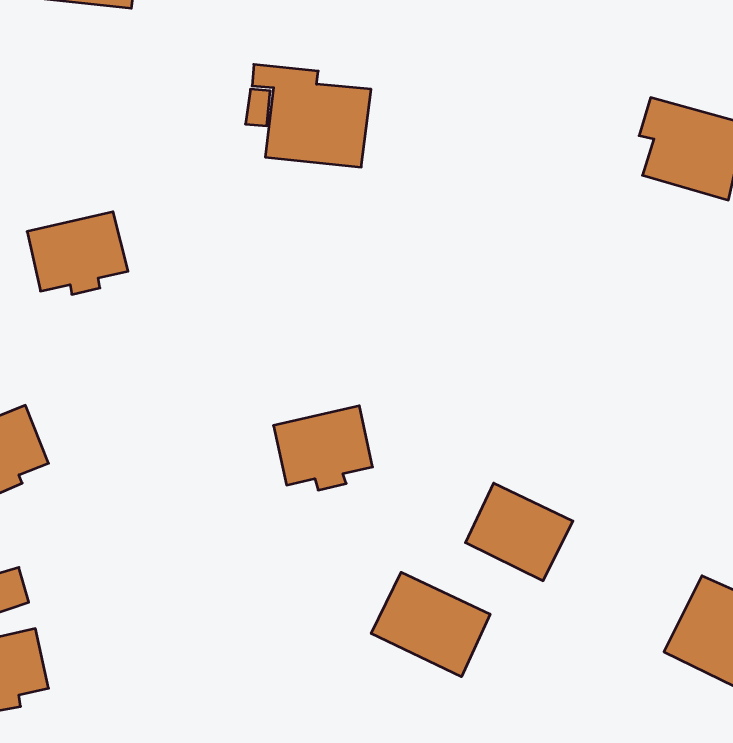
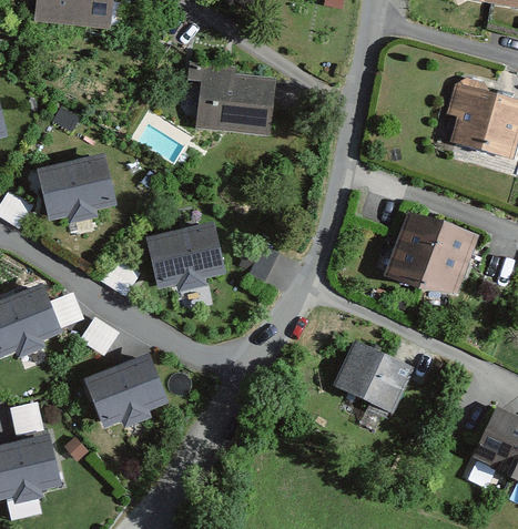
building: none -> [390,214,470,294]
building: [273,406,373,490] -> [152,230,219,286]
building: none -> [90,362,161,421]
building: [371,572,490,677] -> none

